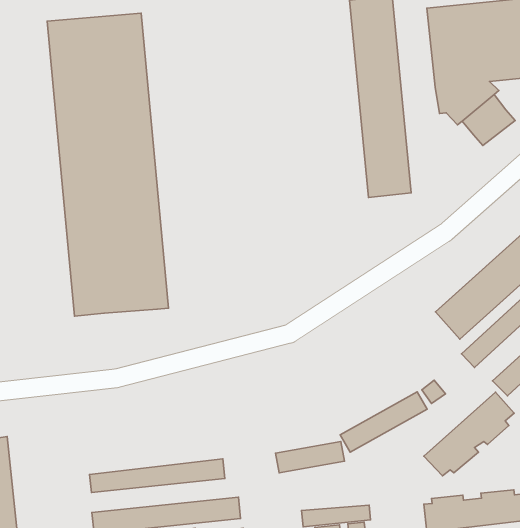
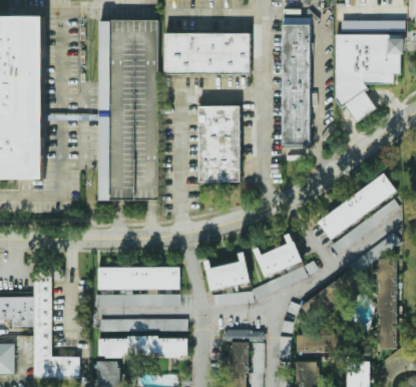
building: none -> [164,33,250,74]
building: none -> [198,106,240,181]
building: none -> [255,232,303,275]
building: none -> [204,251,250,289]
building: none -> [97,267,178,289]

